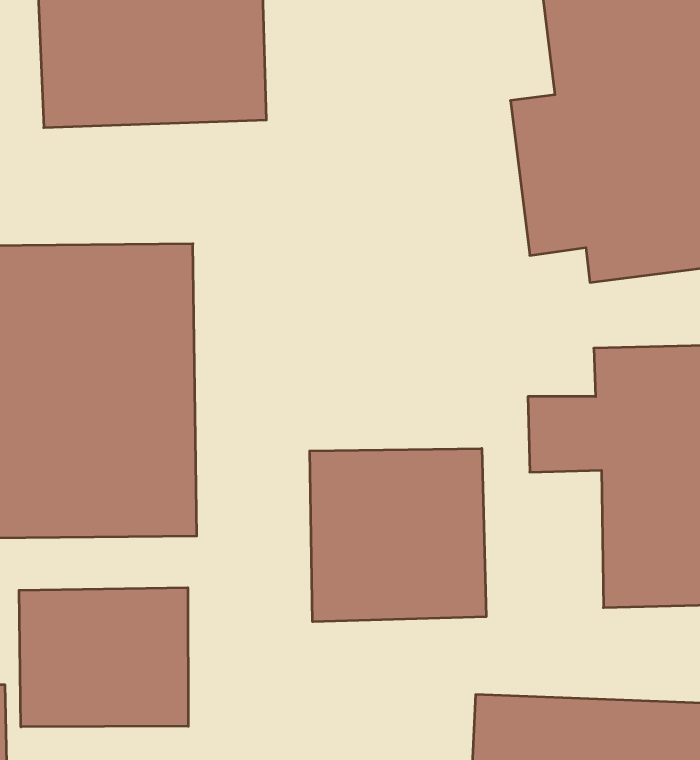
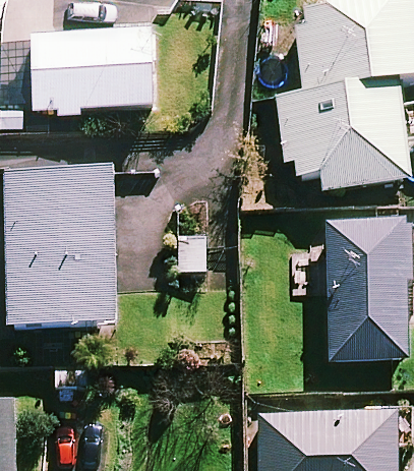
building: [310,448,486,622] -> none
building: [19,588,188,727] -> none

